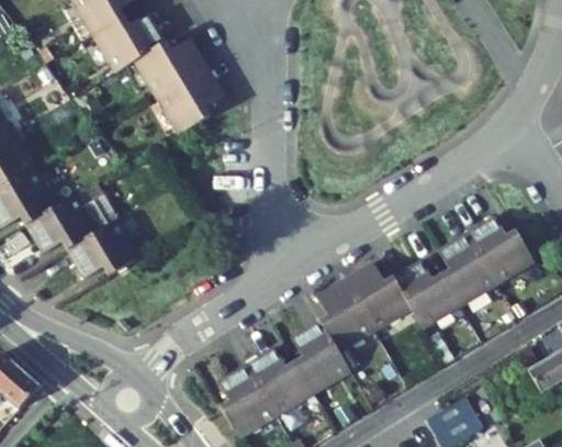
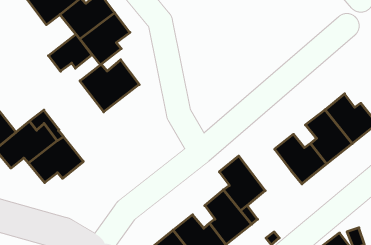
building: none -> [48,34,92,71]
building: none -> [80,60,139,112]
building: [345,264,411,331] -> none

